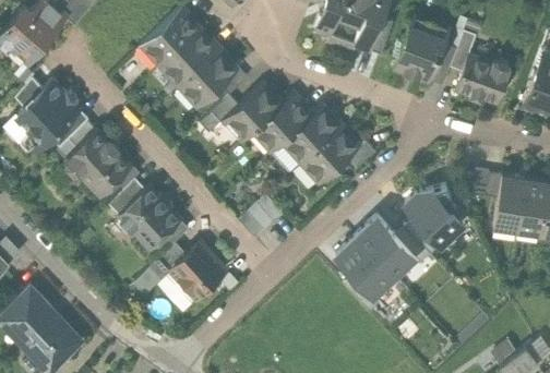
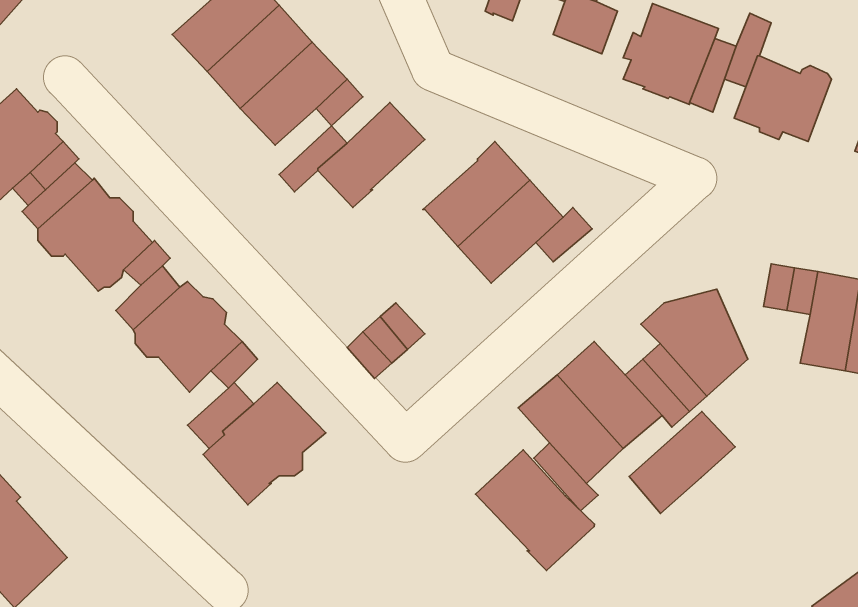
building: [251,95,311,154] -> none
building: none -> [629,411,735,513]
building: none -> [475,450,594,571]

